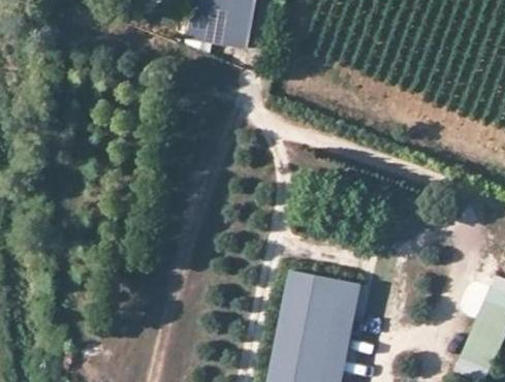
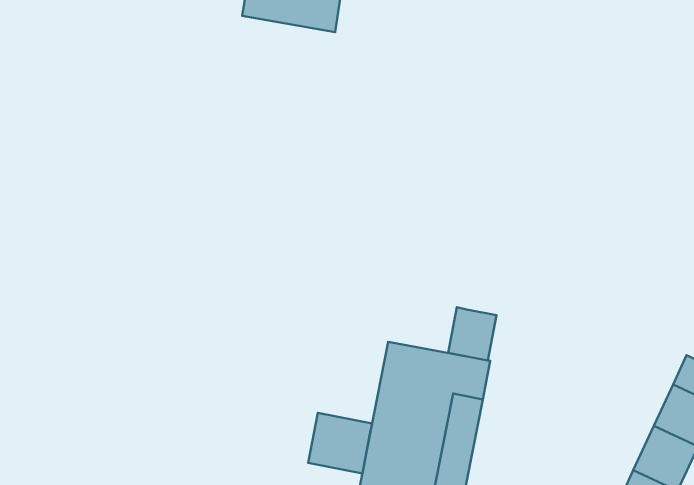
building: none -> [448,307,497,361]
building: none -> [308,413,372,473]

